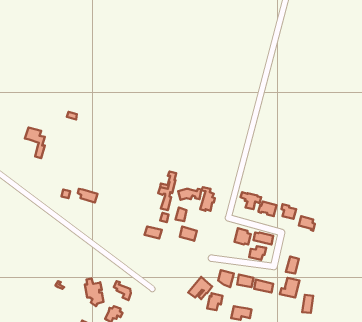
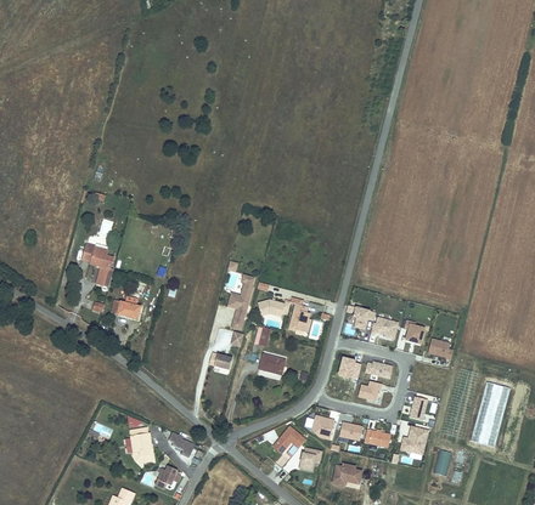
building: [25,127,45,158] -> [86,243,114,286]
building: none -> [471,381,508,447]

